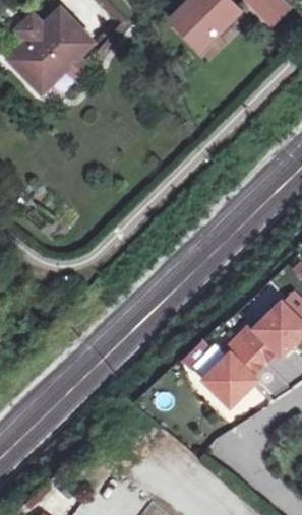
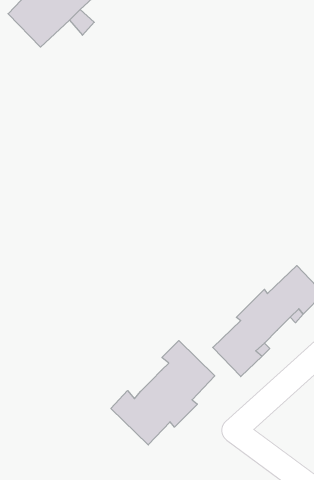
building: none -> [111,341,215,445]

